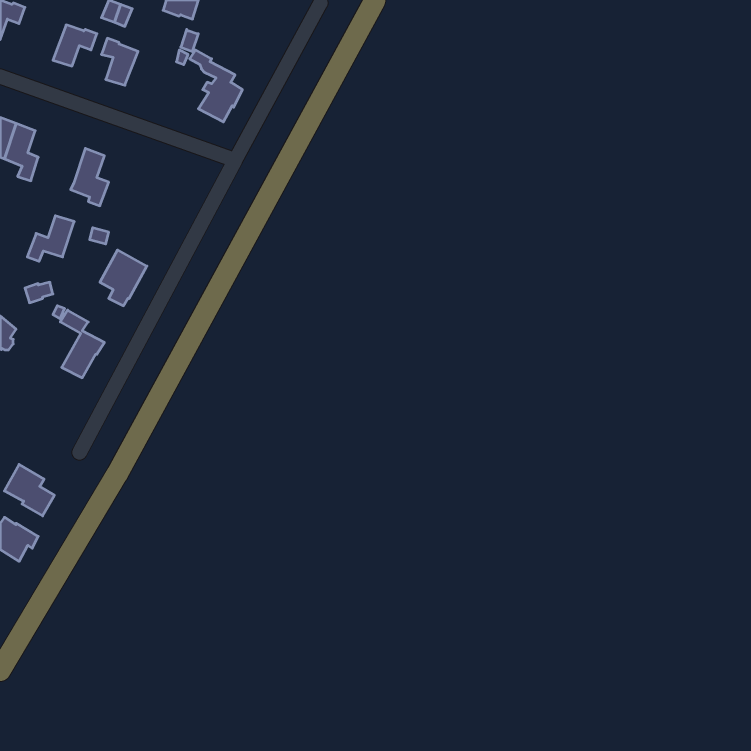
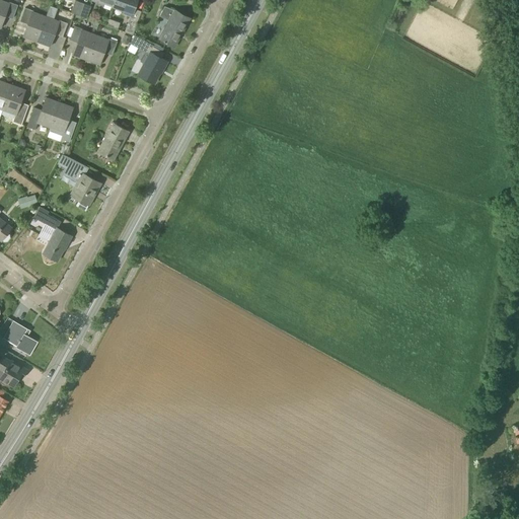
building: none -> [159,7,190,47]
building: none -> [20,8,46,42]
building: none -> [86,35,117,64]
building: none -> [97,124,128,161]
building: [27,216,74,261] -> [26,98,59,130]

